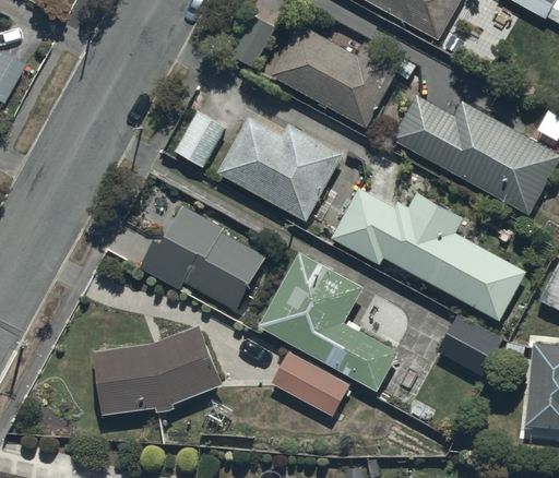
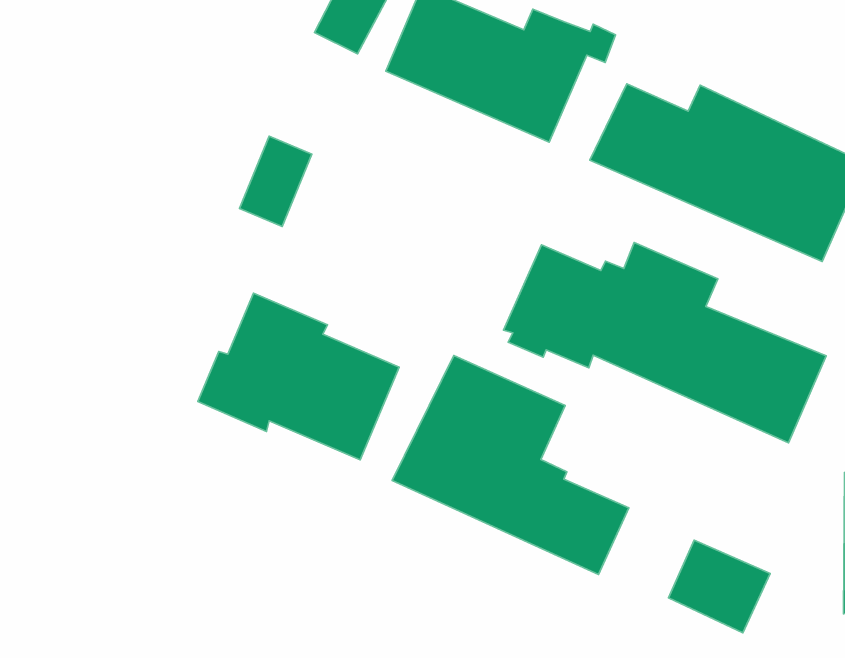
building: [222,108,342,219] -> none
building: [438,316,501,375] -> [668,540,770,633]
building: [94,326,223,416] -> none
building: [271,354,348,416] -> none

